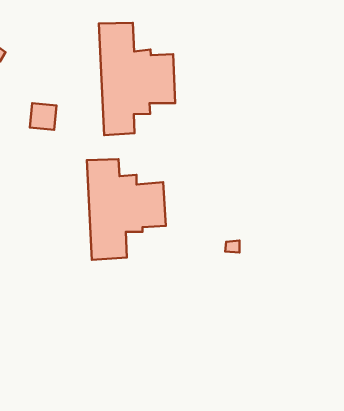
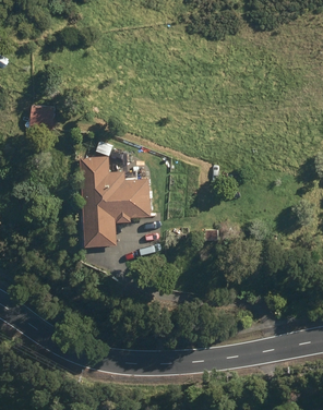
building: [99,23,175,135] -> none

